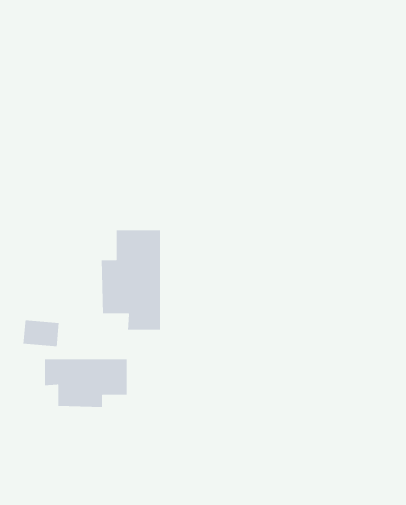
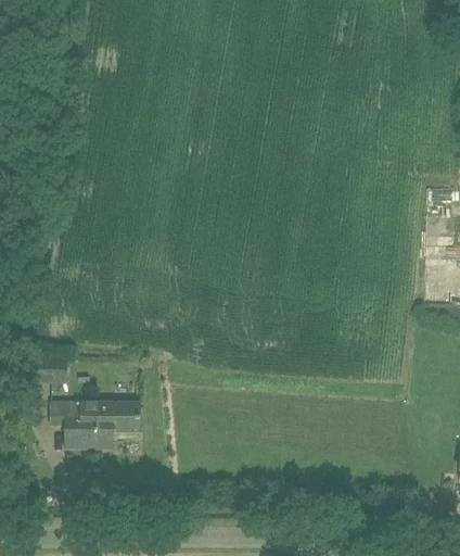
building: [101,230,161,331] -> none

